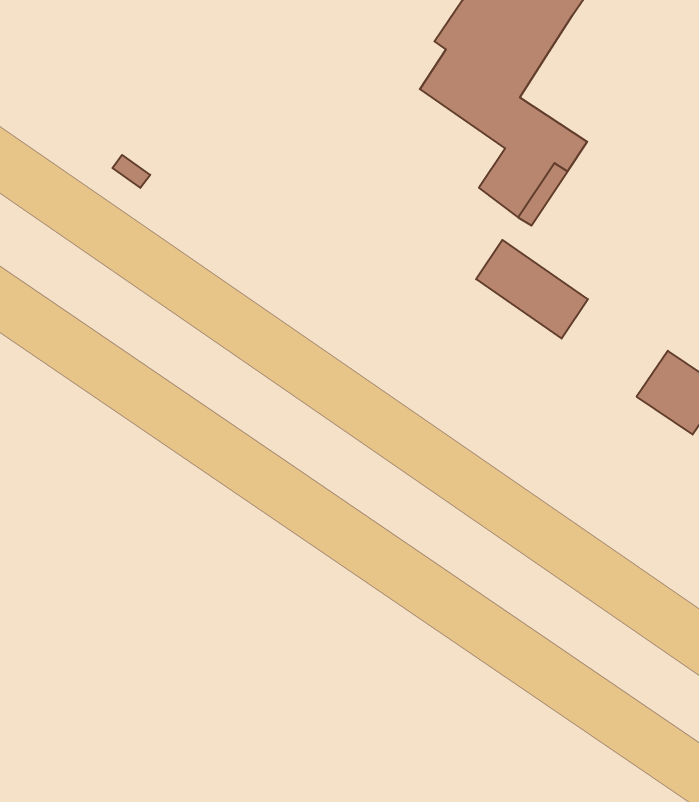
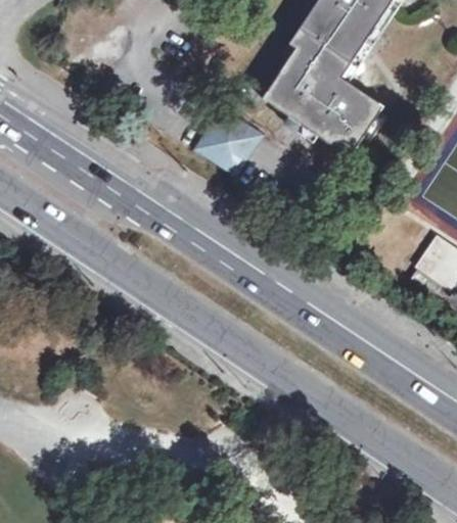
building: none -> [193,105,263,176]
building: [476,240,588,339] -> [264,73,333,134]

